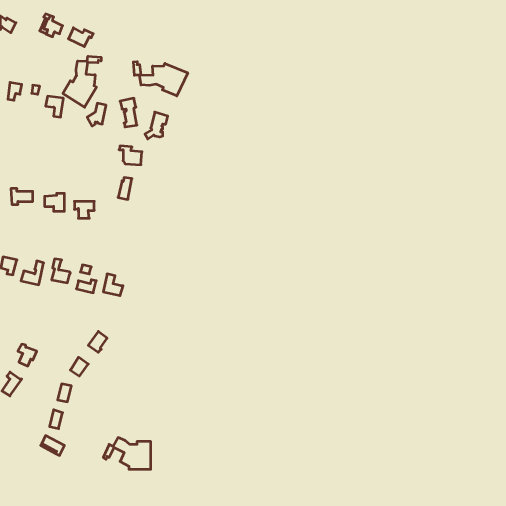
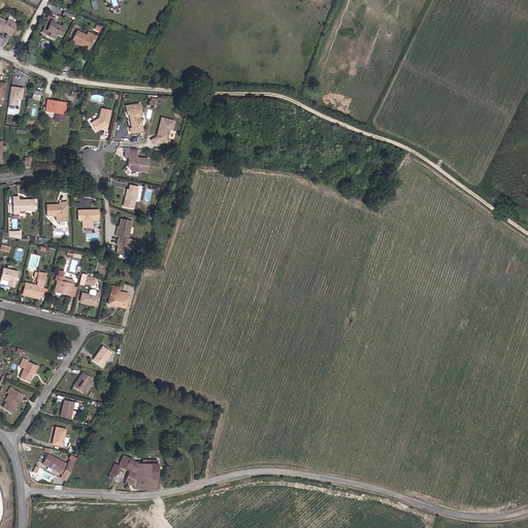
building: [63,56,101,107] -> none
building: [133,62,188,96] -> none
building: none -> [116,218,133,255]

